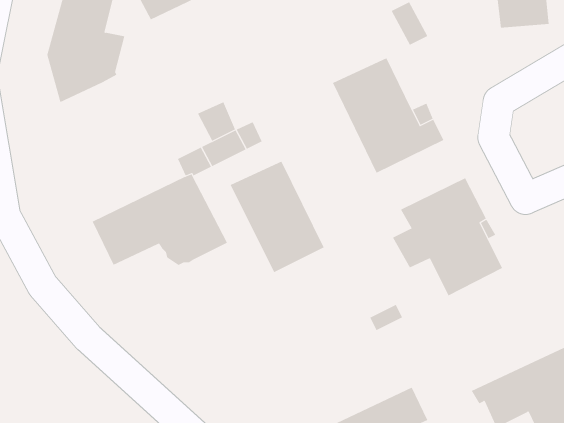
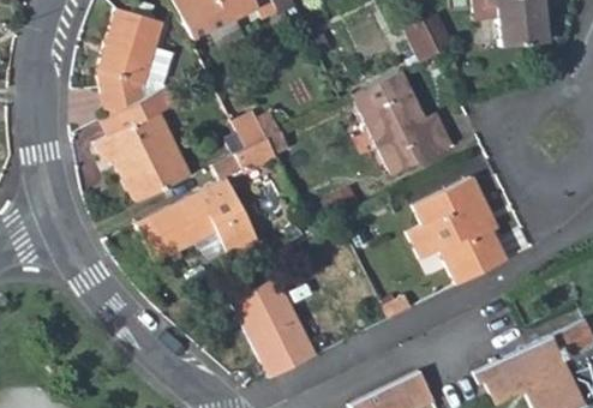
building: none -> [97,84,190,202]
building: [230,161,325,273] -> [238,274,323,374]

